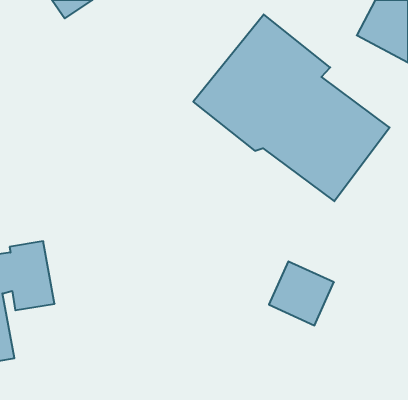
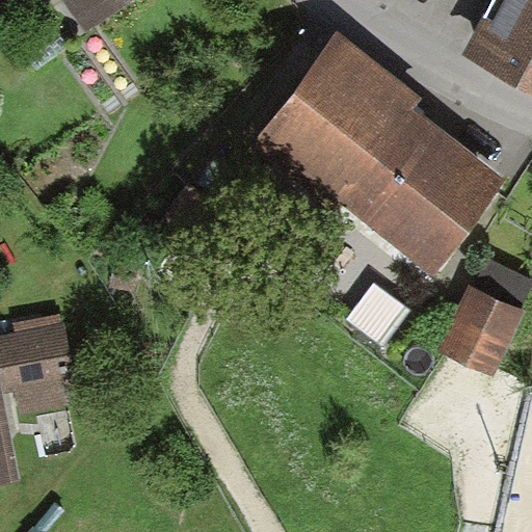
building: [269,261,334,325] -> [440,288,524,371]

